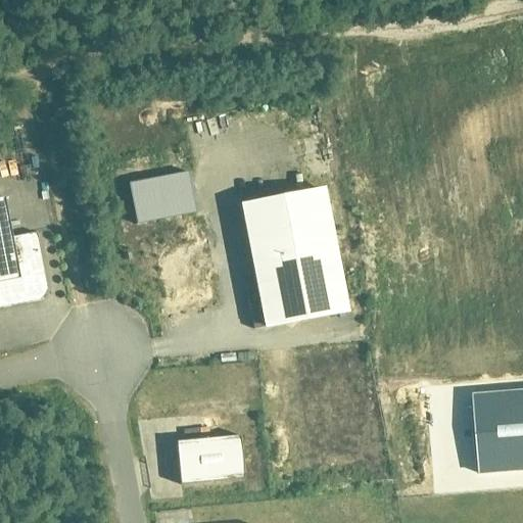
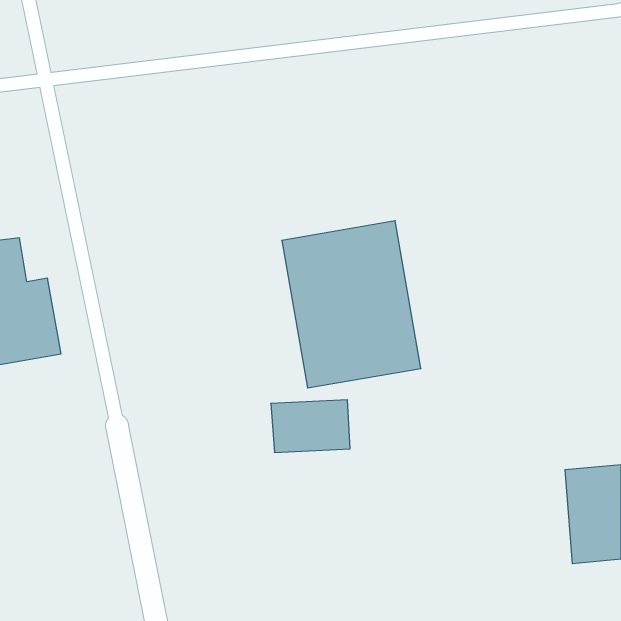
building: [127,172,198,223] -> none
building: [177,434,243,478] -> [271,400,350,452]

